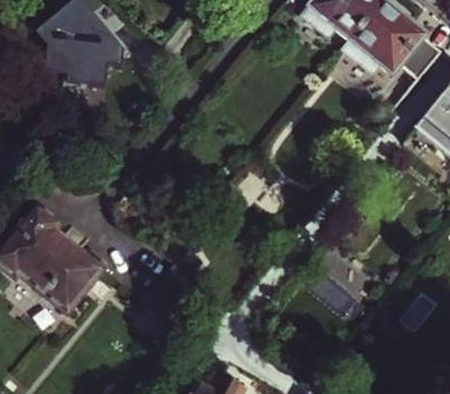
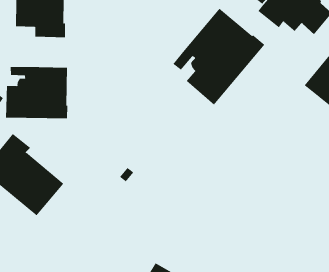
building: none -> [172,8,265,105]
building: none -> [5,66,68,119]

